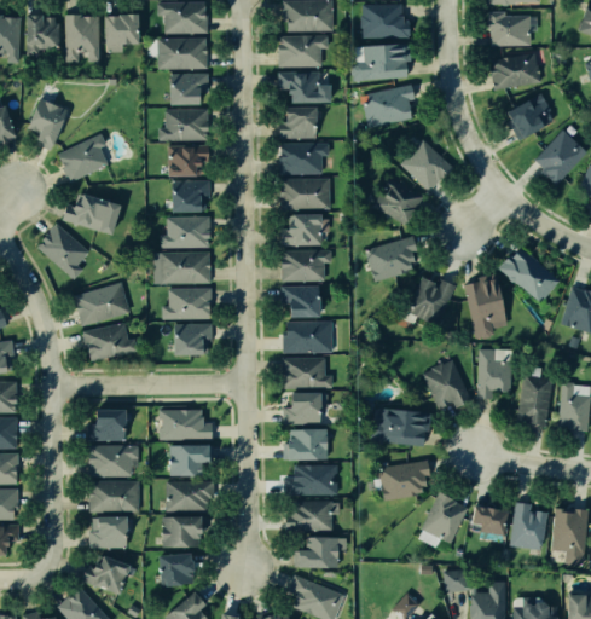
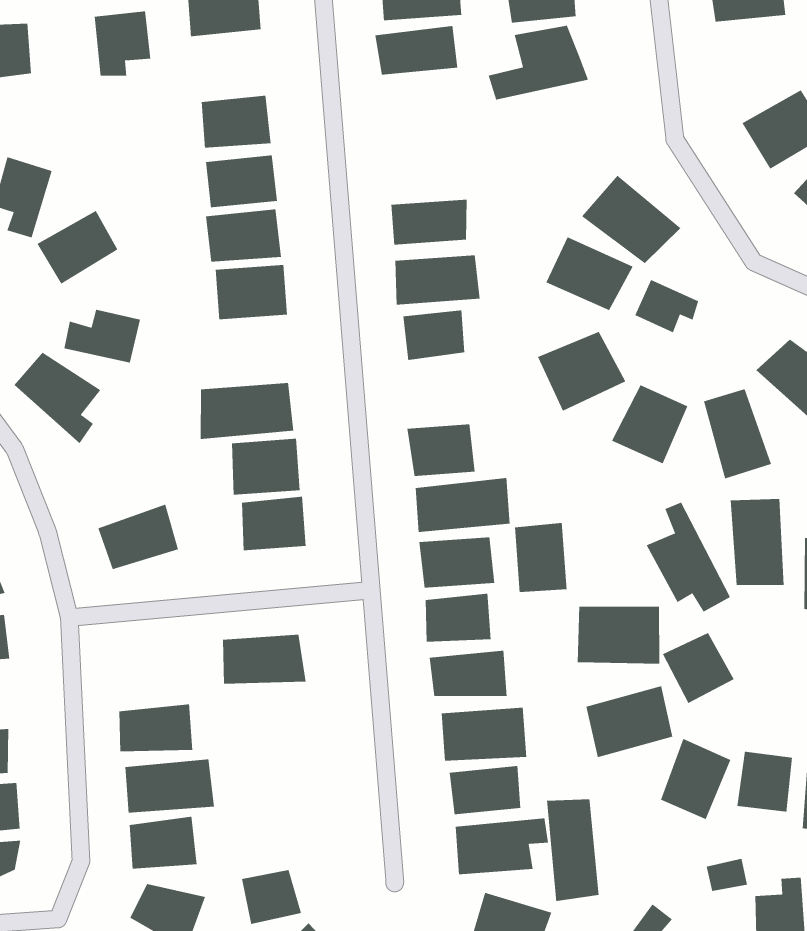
building: [66,17,98,52] -> none
building: [157,39,207,69] -> none
building: [487,53,537,88] -> none
building: [280,73,331,104] -> none
building: [360,86,423,132] -> none
building: [277,109,315,139] -> none
building: none -> [635,279,699,333]
building: [161,218,208,248] -> none
building: [279,249,324,280] -> none
building: [71,280,129,326] -> none
building: none -> [514,522,567,593]
building: [83,412,127,442] -> none
building: none -> [662,632,735,704]
building: [166,446,205,476] -> none
building: [163,484,204,510] -> none
building: [160,516,203,550] -> none
building: none -> [546,798,599,902]

